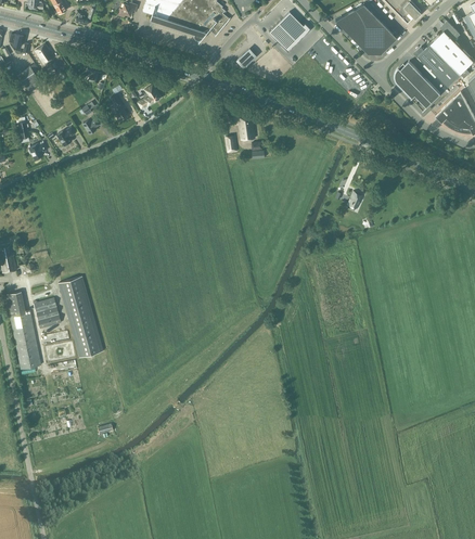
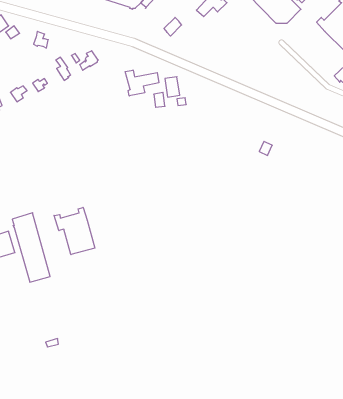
building: [396,61,440,110] -> none
building: none -> [125,70,159,96]
building: none -> [54,207,95,255]

